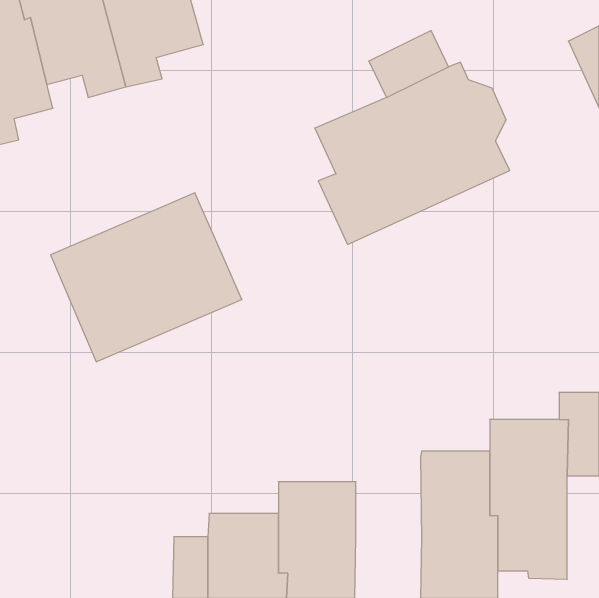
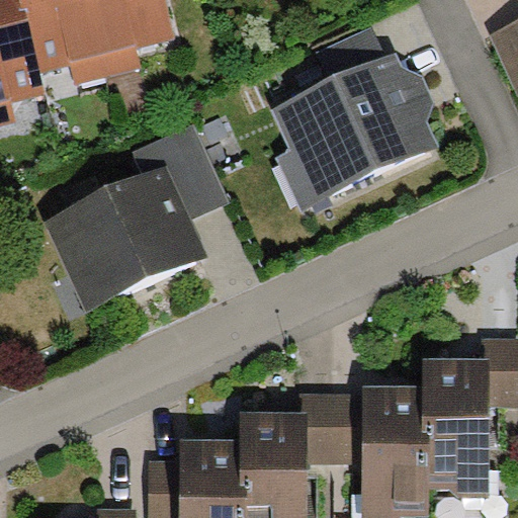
building: none -> [132,124,229,219]
building: none -> [300,394,363,463]

